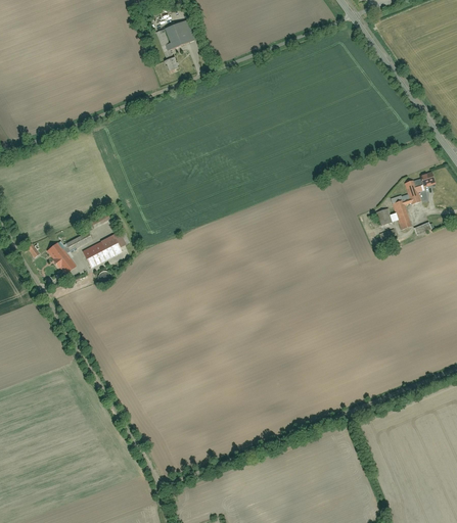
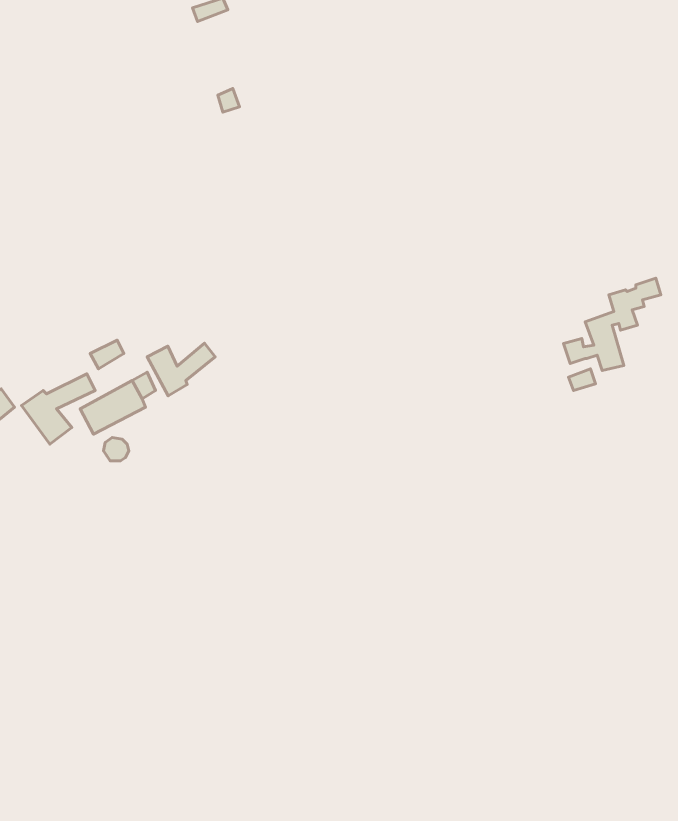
building: [156,19,195,58] -> none
building: none -> [147,343,215,396]

